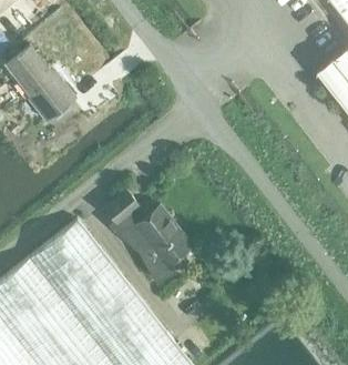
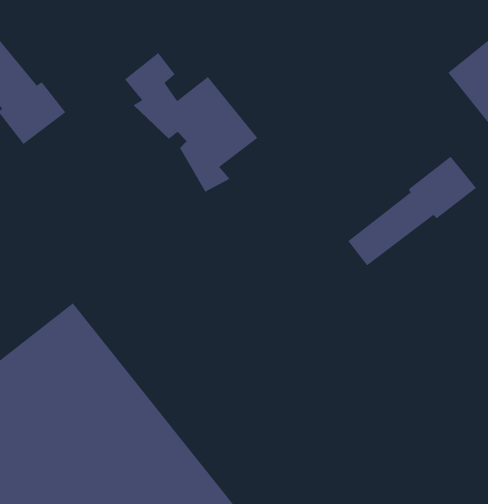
building: none -> [348,156,477,266]
building: [103,190,190,281] -> [124,52,258,193]

